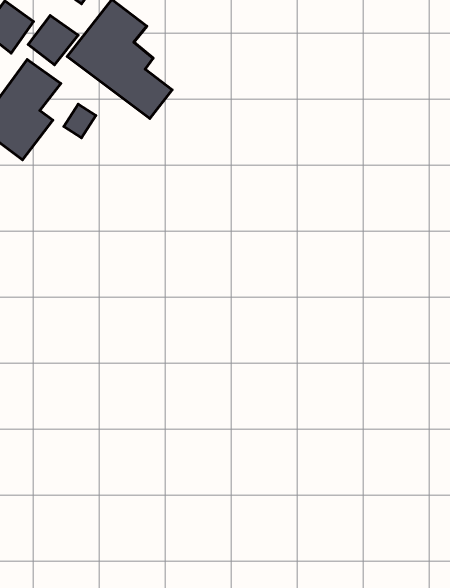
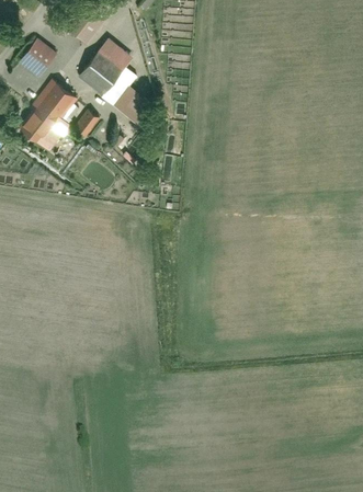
building: [28,15,78,65] -> none

